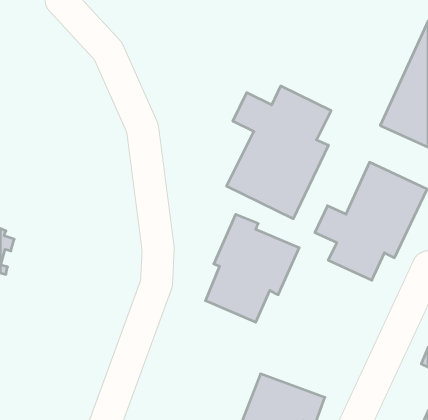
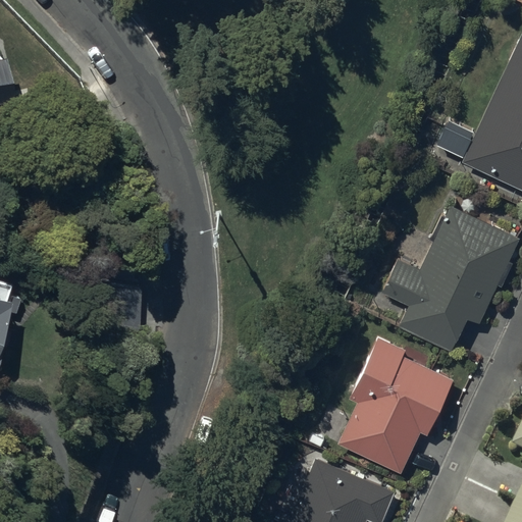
building: [227,86,331,219] -> none
building: [205,214,299,322] -> [341,338,455,470]

